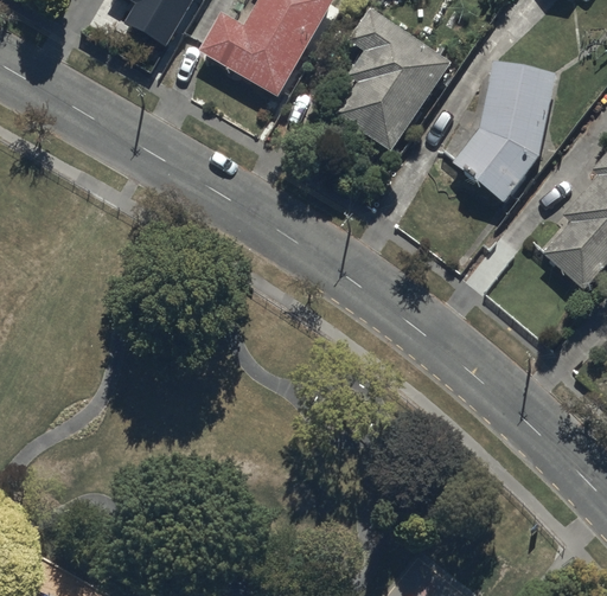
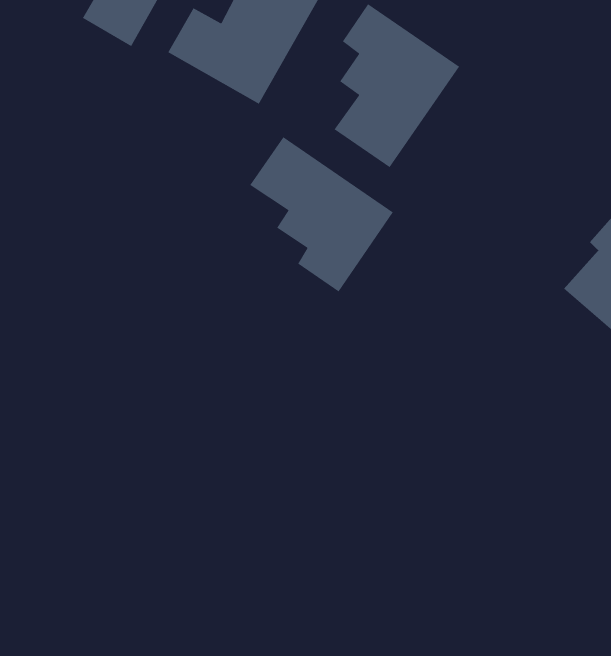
building: [452,60,556,200] -> none
building: none -> [249,136,394,292]

